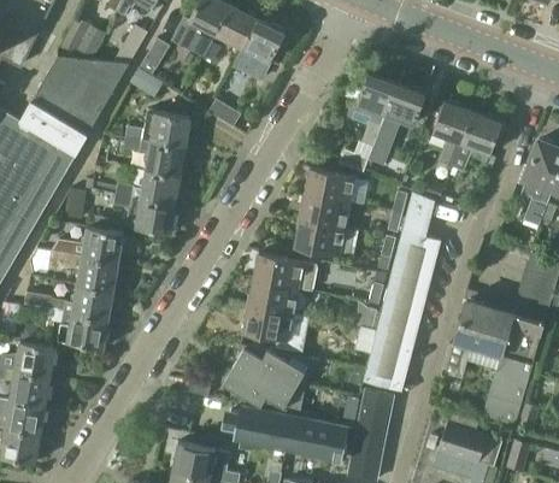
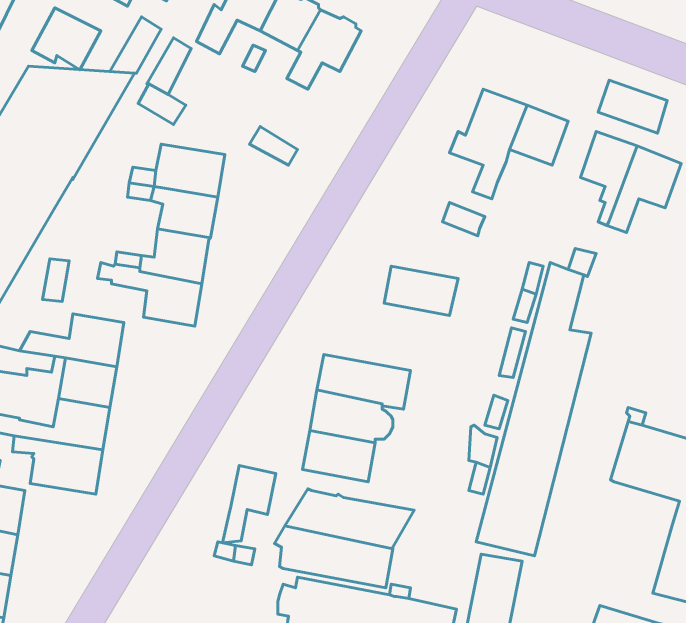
building: none -> [598,80,667,133]
building: [305,169,355,202] -> none
building: [295,219,359,258] -> none
building: none -> [223,466,276,543]

